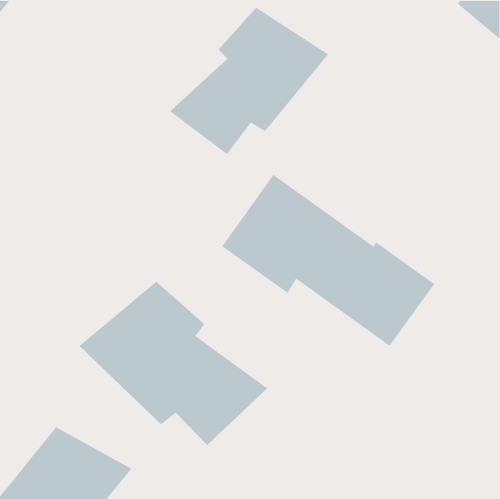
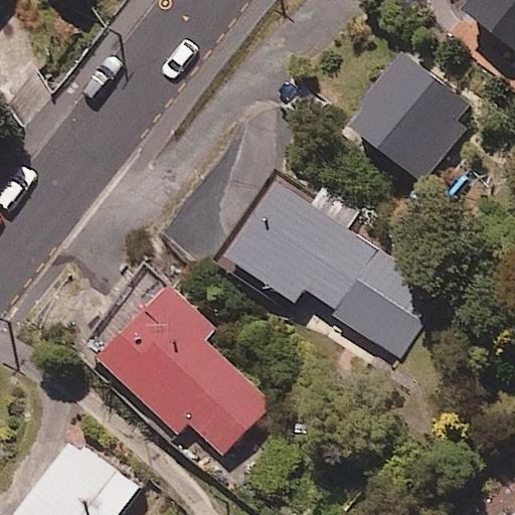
building: [169,7,329,155] -> none
building: none -> [350,50,482,183]

